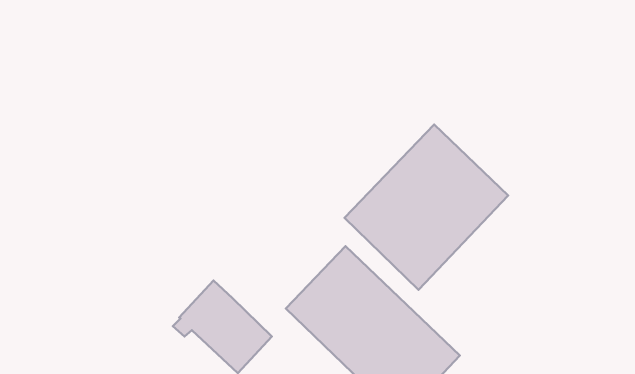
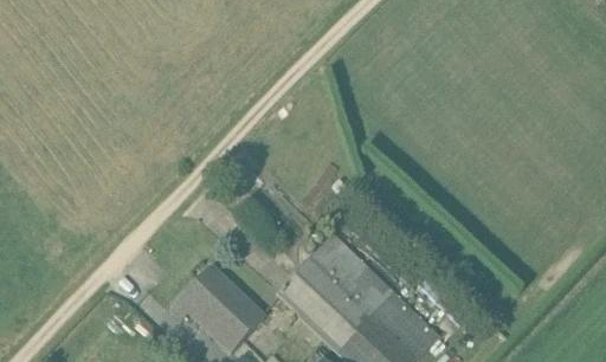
building: [344,125,508,290] -> none

